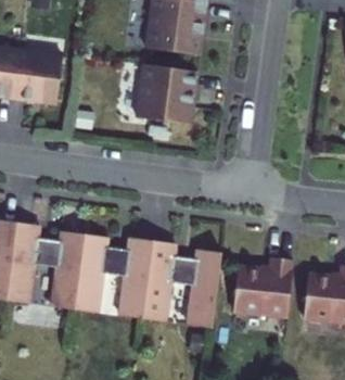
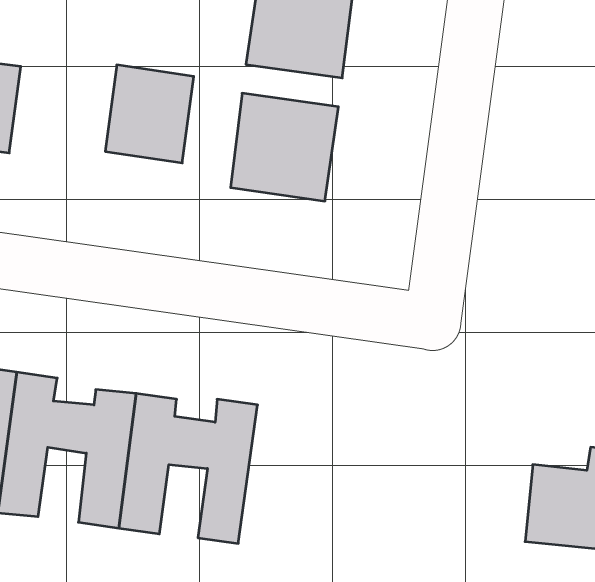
building: [12,49,62,104] -> [105,65,194,163]
building: [141,240,221,328] -> none
building: [232,256,292,316] -> none

